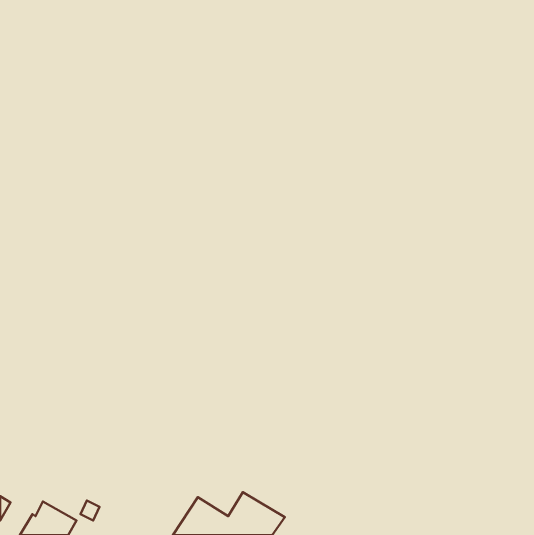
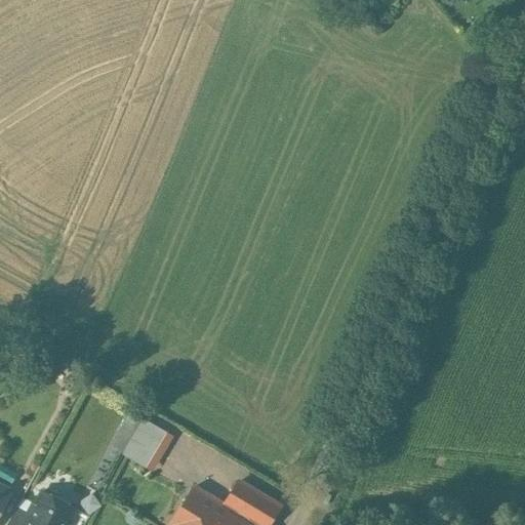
building: none -> [122,418,167,469]

